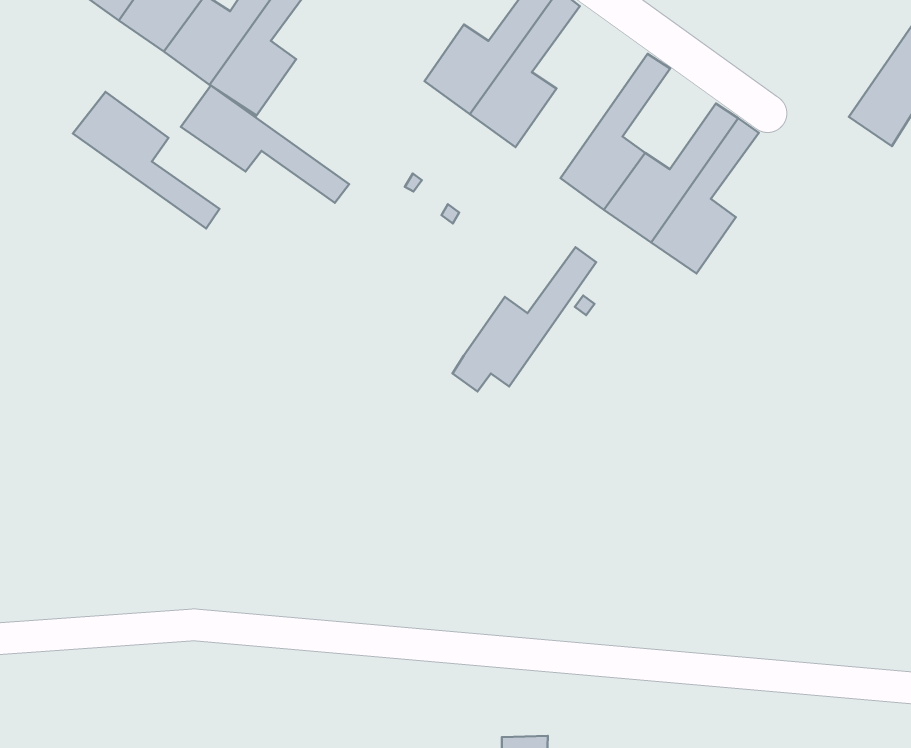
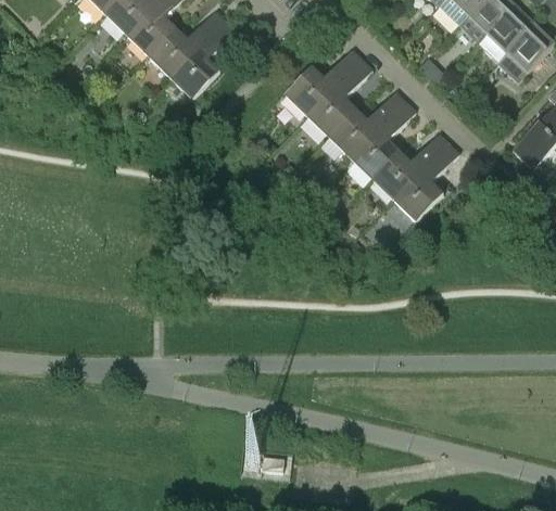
building: [181,86,349,203] -> none
building: [73,92,220,228] -> none
building: [453,247,596,392] -> [321,88,408,157]

